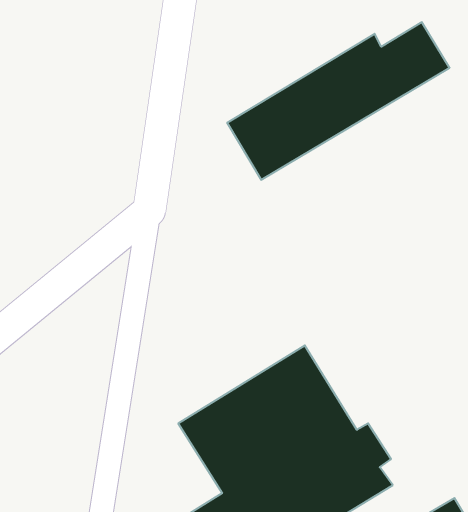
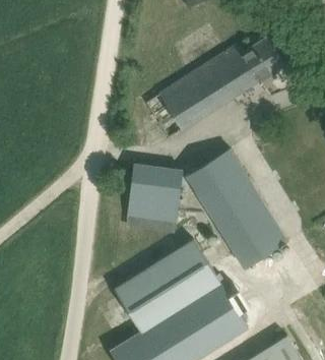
building: none -> [187,151,287,268]
building: none -> [128,166,183,223]

